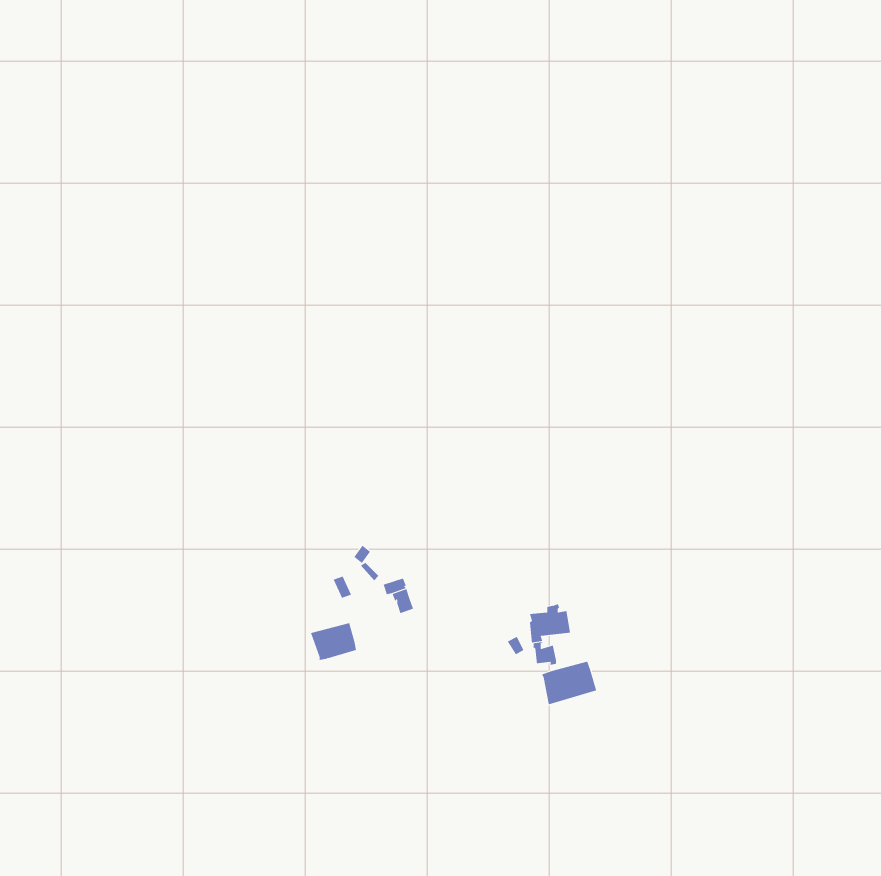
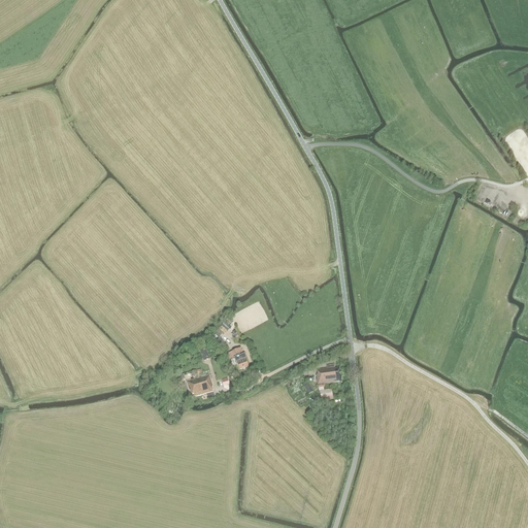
building: [541,661,597,705] -> none

